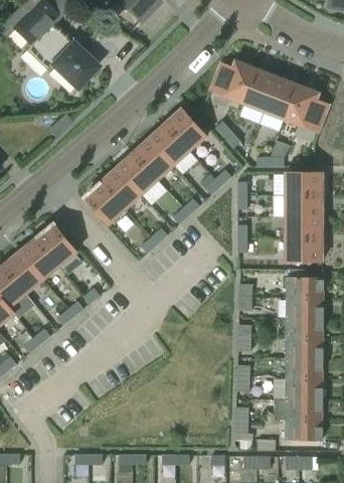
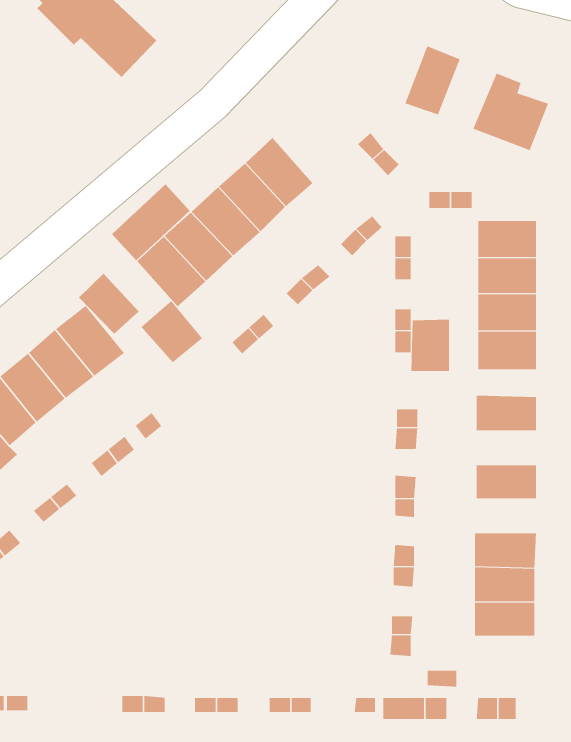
building: [210,62,256,104] -> none
building: [264,77,298,119] -> none
building: [165,109,206,151] -> none
building: none -> [111,184,191,261]
building: none -> [78,273,139,335]
building: none -> [141,300,203,363]
building: none -> [411,319,450,372]
building: [286,298,322,318] -> none
building: [285,338,322,358] -> none
building: [285,420,321,440] -> none

